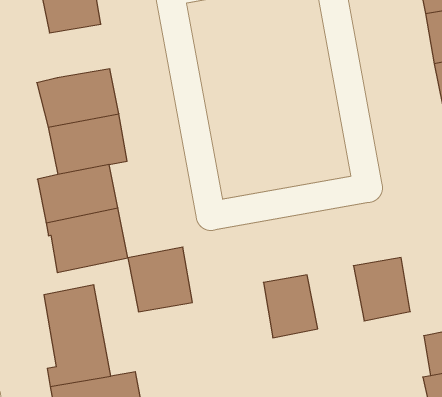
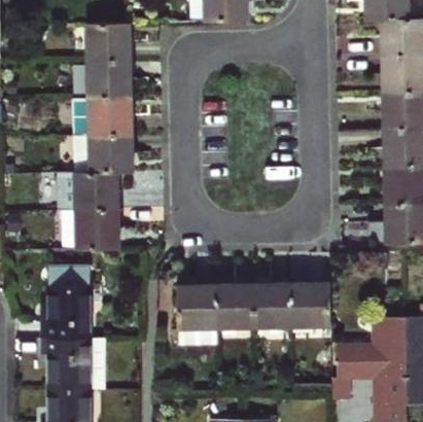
building: none -> [89,62,131,98]
building: [128,247,192,312] -> [177,284,221,328]
building: none -> [256,283,294,327]

